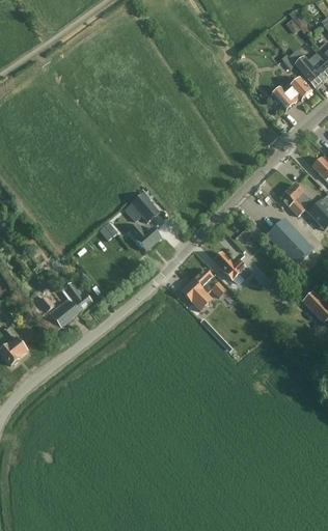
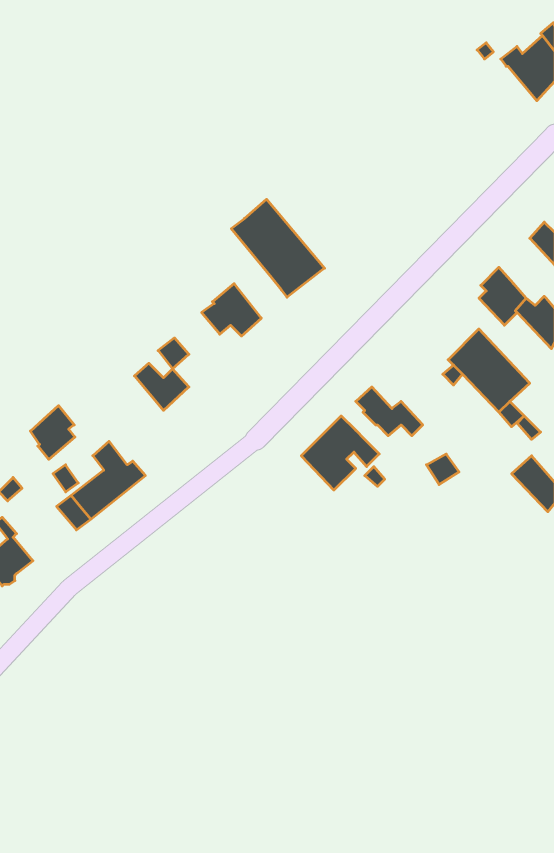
building: [272,77,312,111] -> none
building: none -> [231,199,325,297]
building: [130,223,161,250] -> [134,363,189,410]
building: none -> [30,406,75,459]

